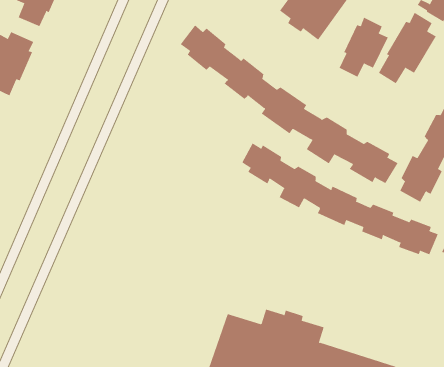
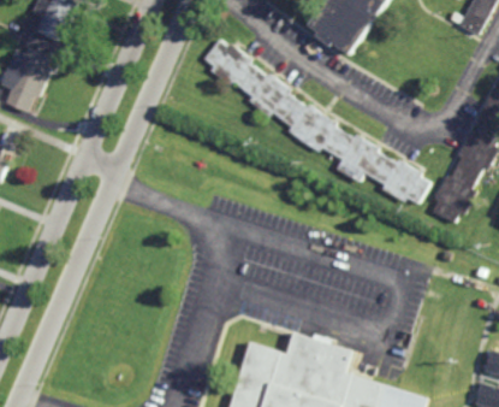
building: [378,12,437,84] -> none
building: [339,17,389,78] -> none
building: [241,143,439,255] -> none

